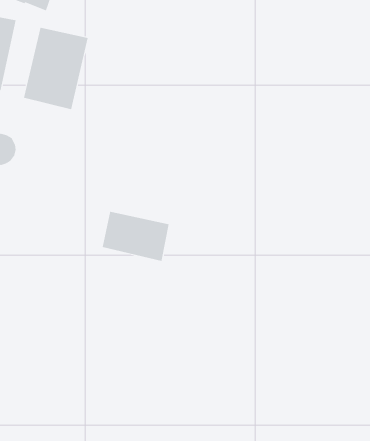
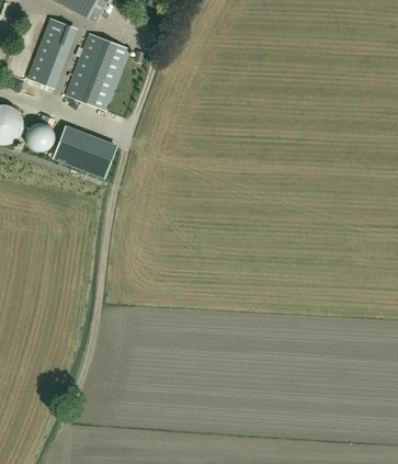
building: [102,211,170,261] -> [53,127,115,178]

